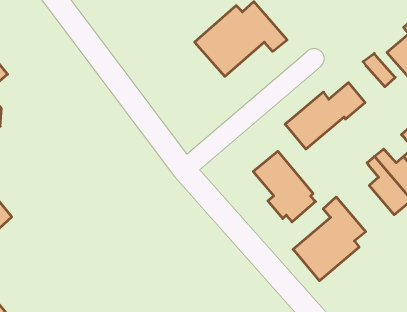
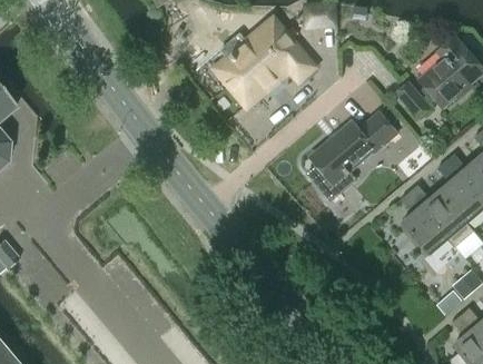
building: [253,151,316,222] -> none
building: [293,197,366,281] -> none

